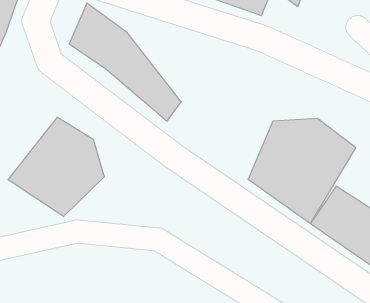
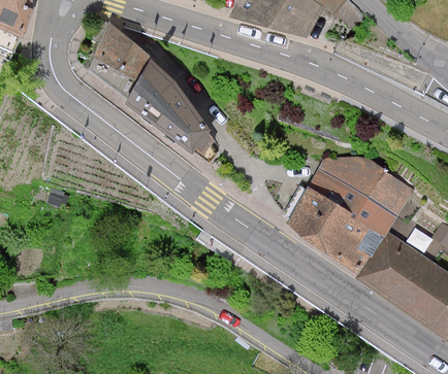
building: [8,117,104,217] -> none

